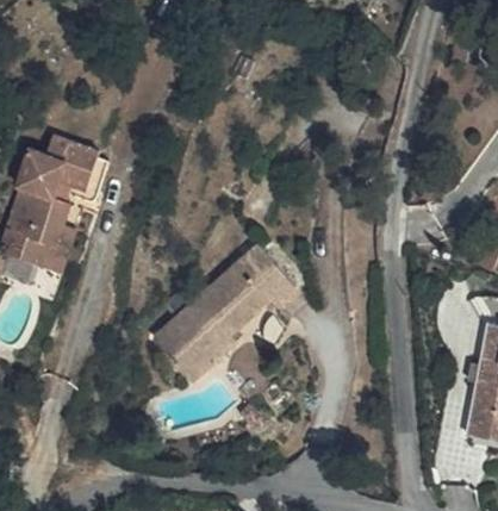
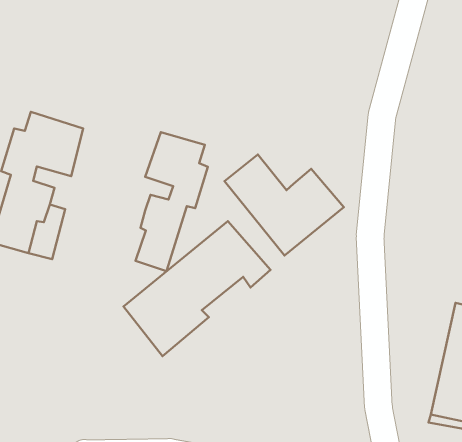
building: none -> [135,132,208,271]
building: none -> [224,154,344,255]

